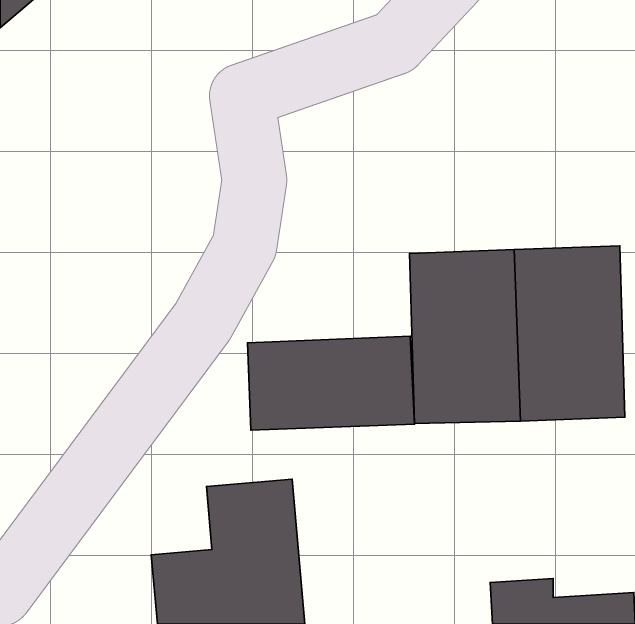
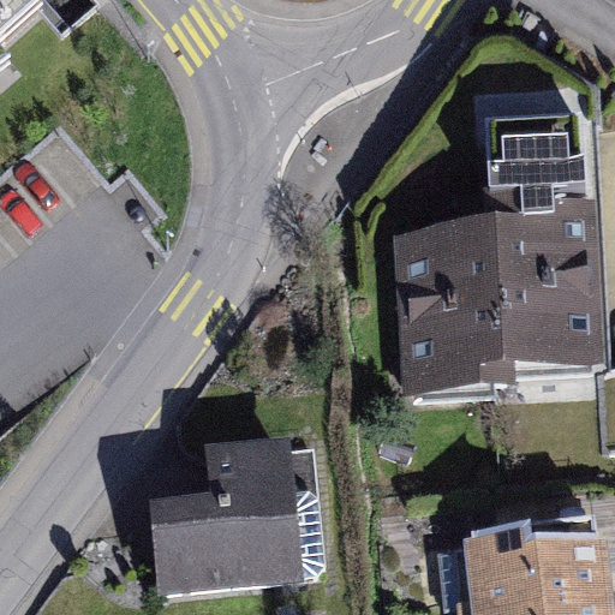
building: none -> [477,133,597,221]
building: [248,336,415,430] -> none

